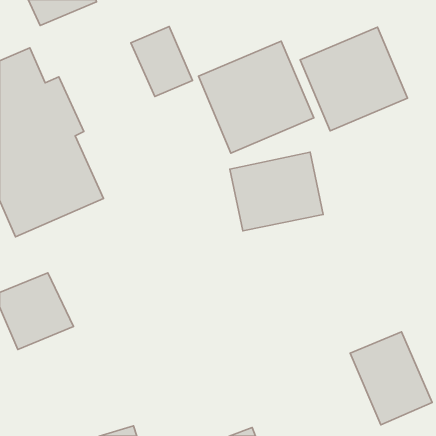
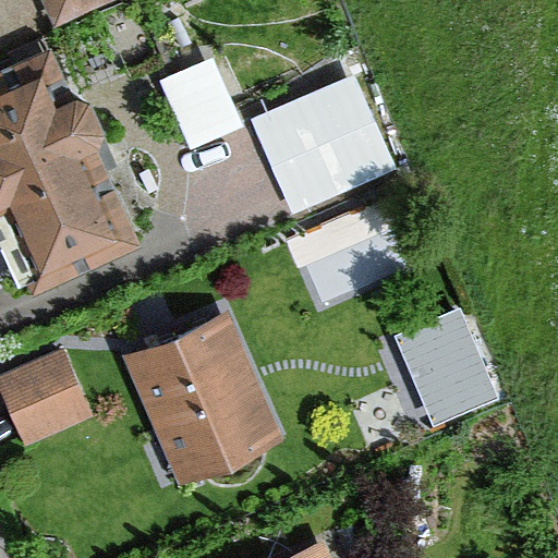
building: [300,27,408,131] -> none
building: none -> [122,317,282,488]
building: [350,332,432,425] -> [393,307,498,426]

